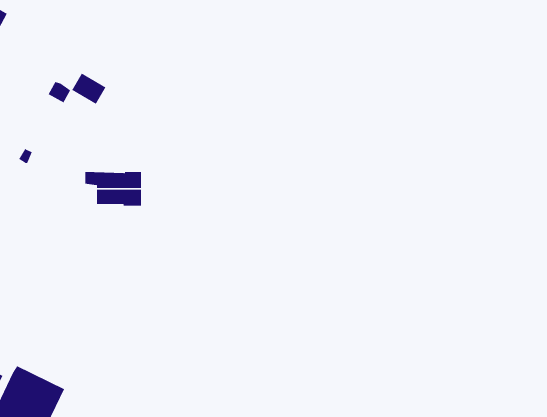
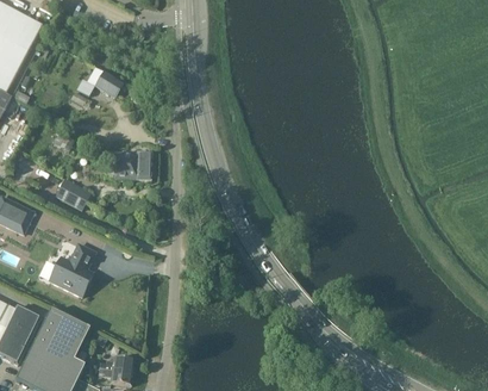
building: none -> [56,179,89,209]
building: none -> [48,244,94,297]

